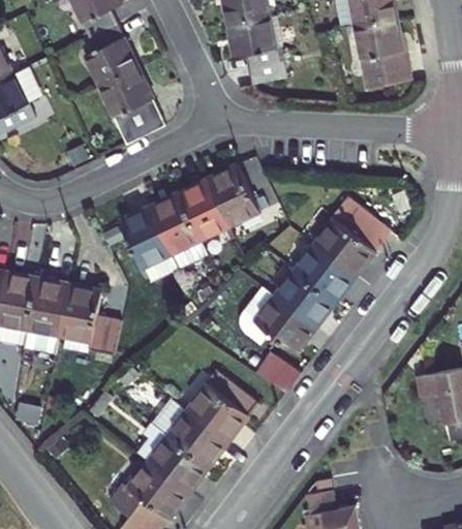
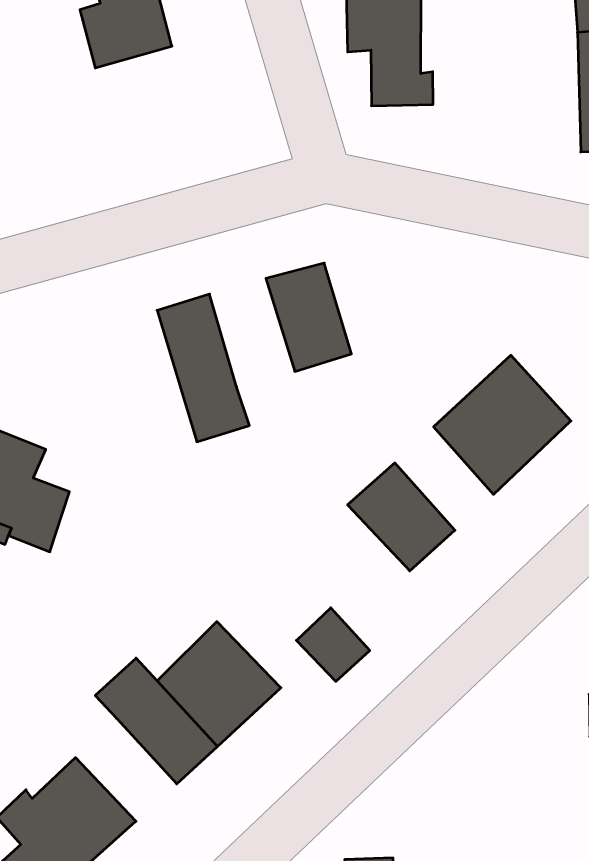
building: [98,65,162,141] -> none
building: [180,182,233,243] -> none
building: [125,209,186,280] -> none
building: [295,247,350,301] -> none
building: [234,286,312,350] -> none
building: [149,432,206,486] -> none

